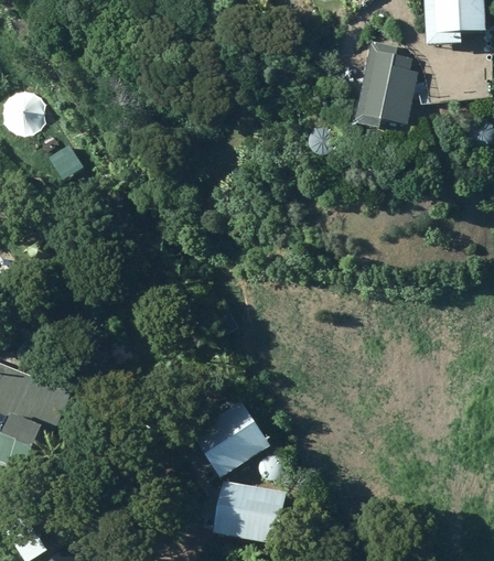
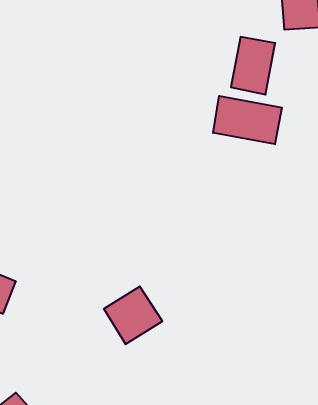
building: none -> [213,96,282,144]
building: [213,478,283,542] -> none

